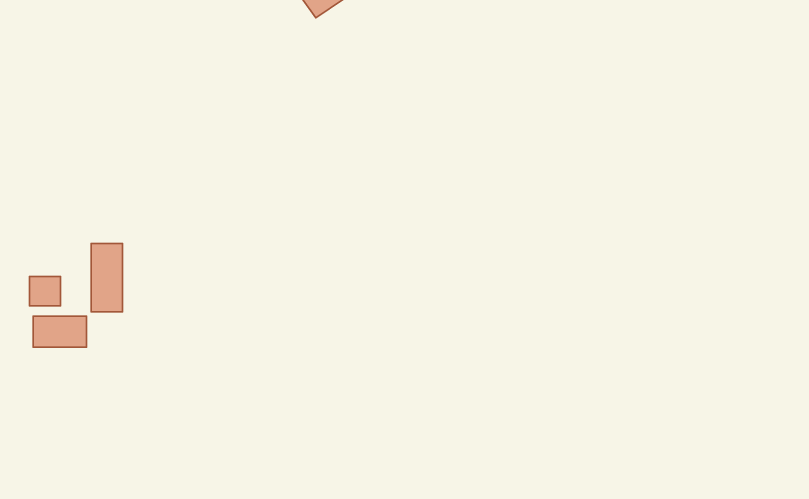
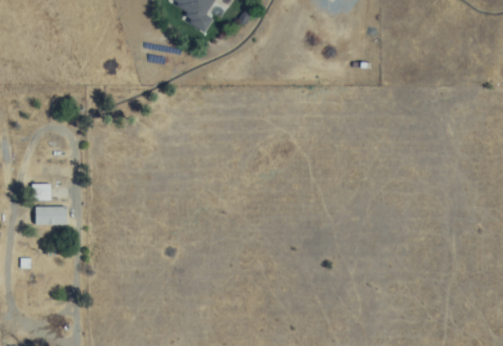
building: [91,244,122,312] -> none

